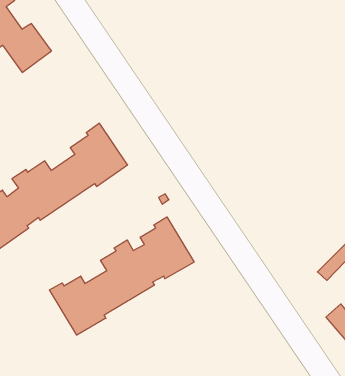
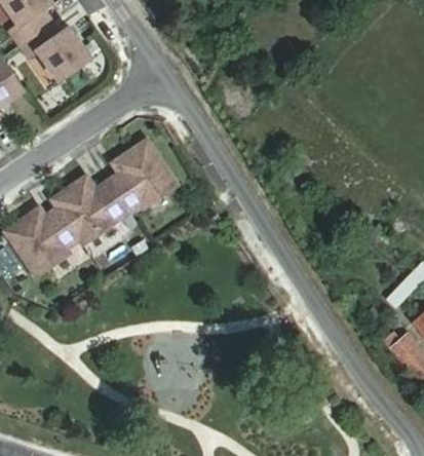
building: [49,217,194,335] -> none

